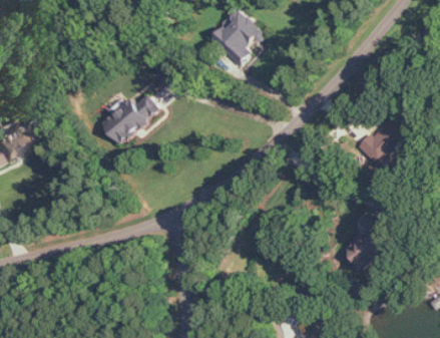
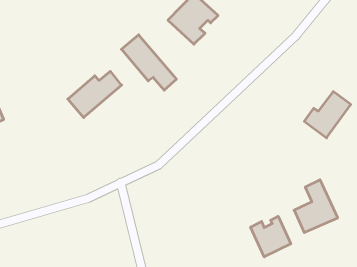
building: none -> [121,35,176,90]
building: none -> [251,216,291,257]

